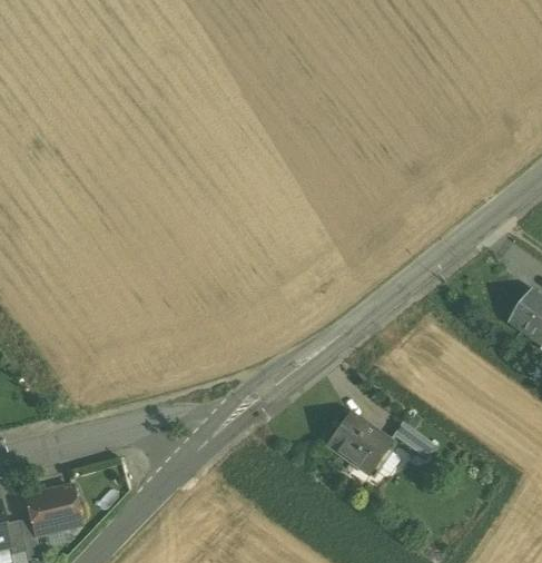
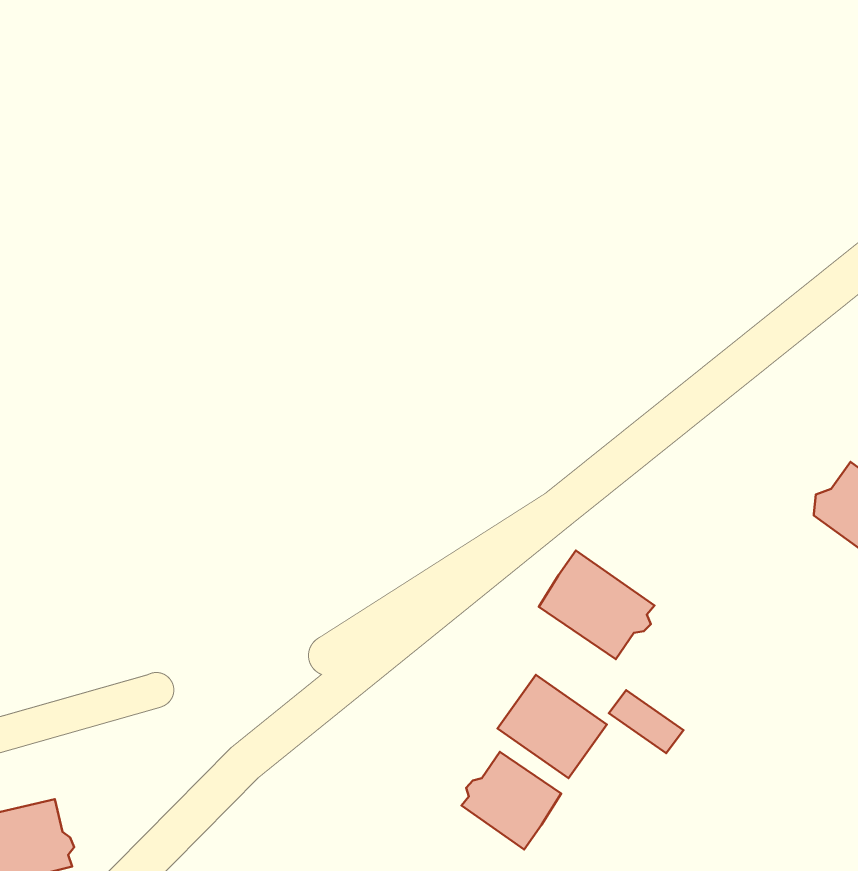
building: none -> [539,550,654,659]
building: none -> [462,752,561,850]

